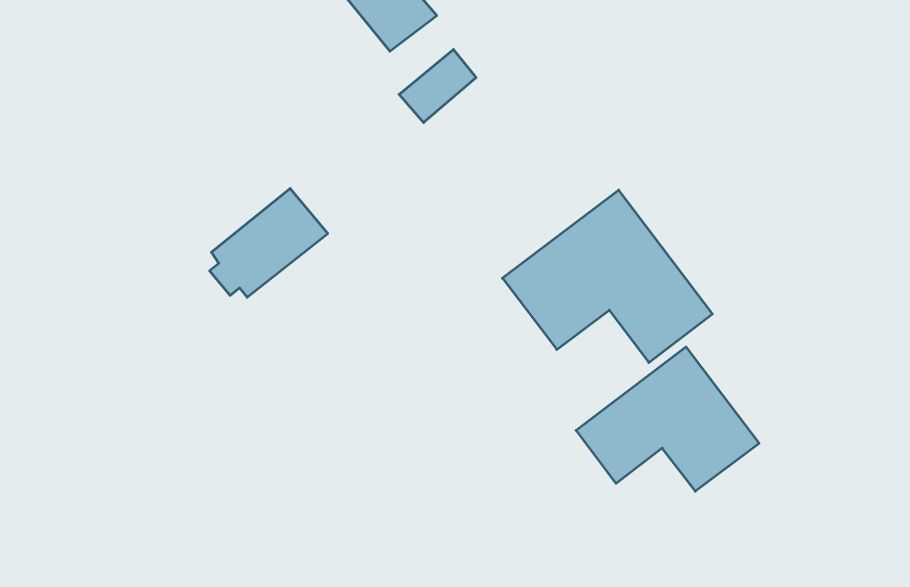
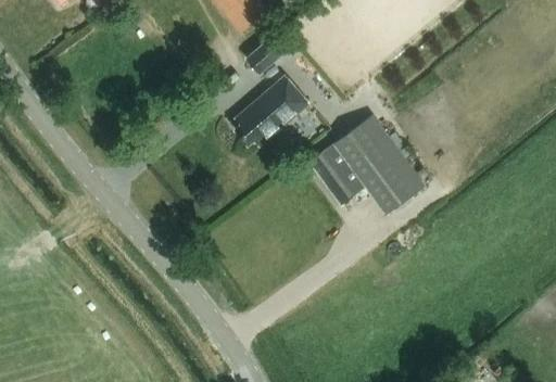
building: [210,188,328,297] -> [238,79,306,142]
building: [576,347,759,491] -> none

